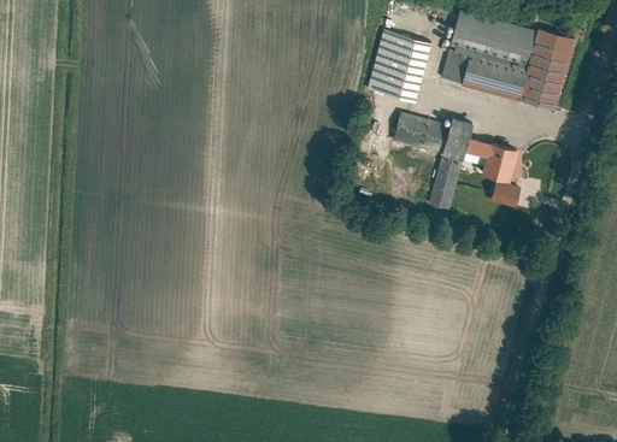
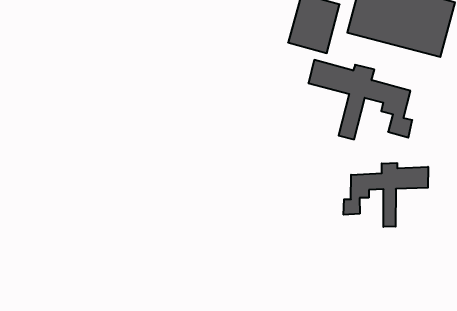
building: none -> [344,163,428,227]

